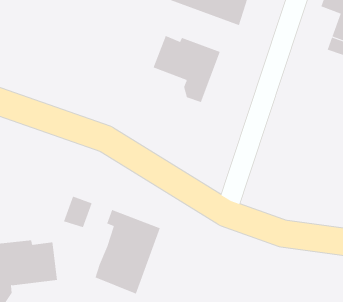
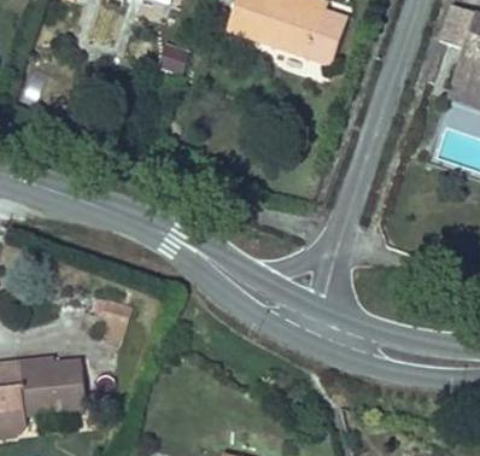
building: [153,35,220,103] -> none
building: [95,209,160,294] -> none

